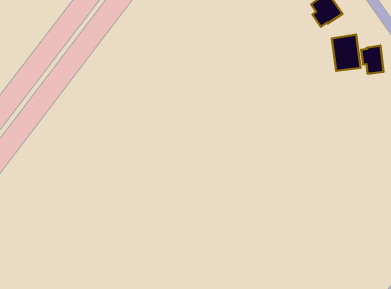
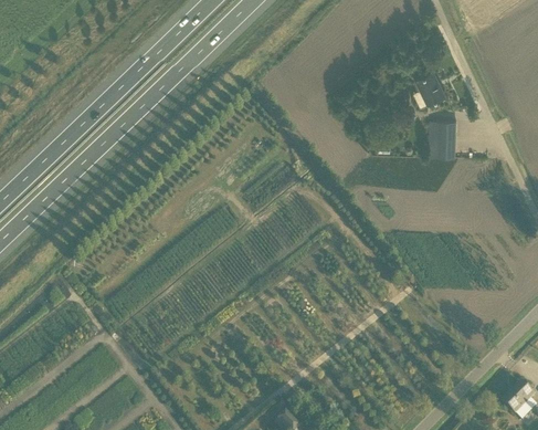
building: [361,46,384,74] -> none

